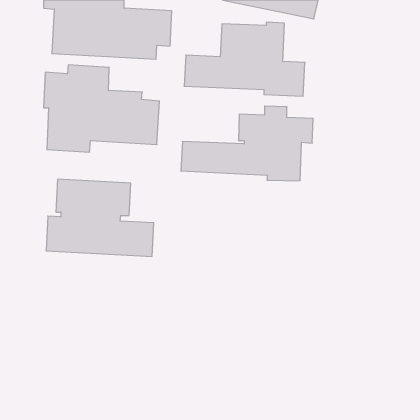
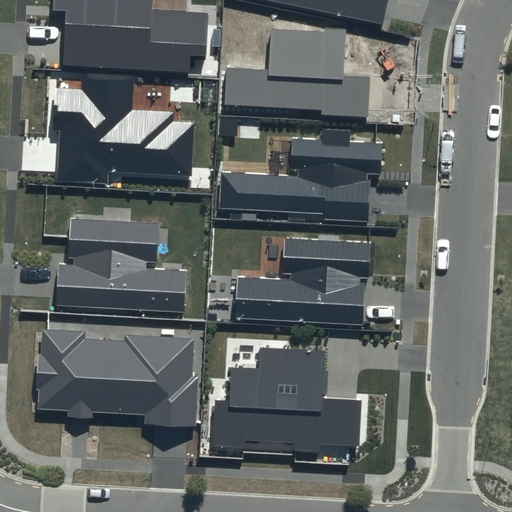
building: none -> [235,237,371,325]
building: none -> [34,329,196,425]
building: none -> [212,349,361,452]

